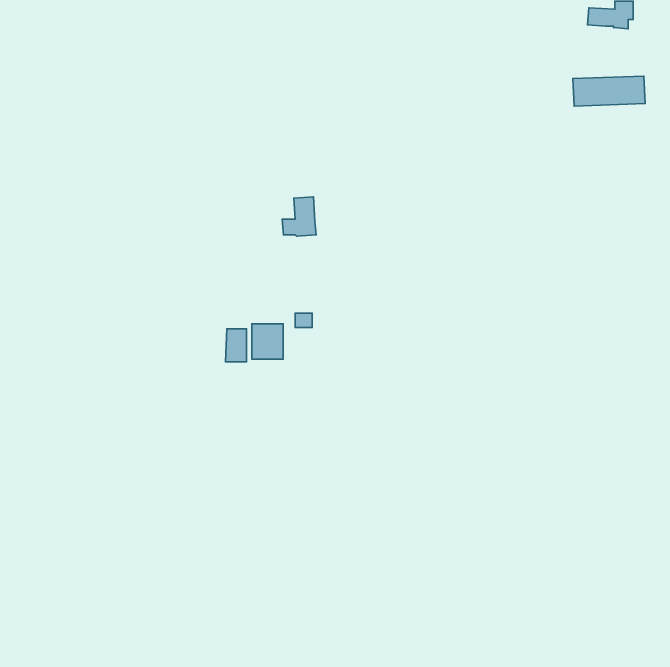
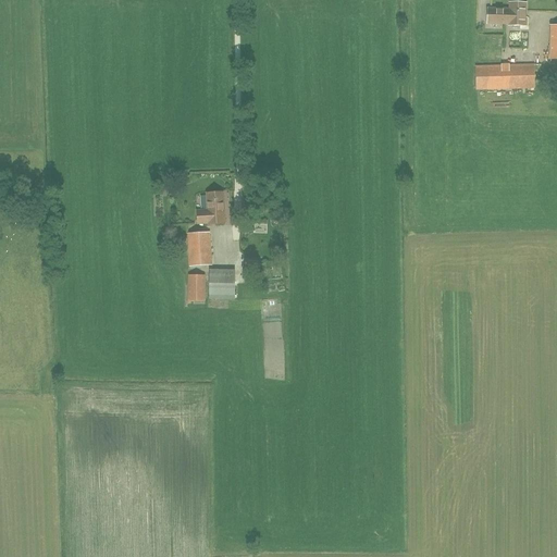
building: [282,197,316,236] -> [197,190,225,223]
building: none -> [187,231,211,264]

